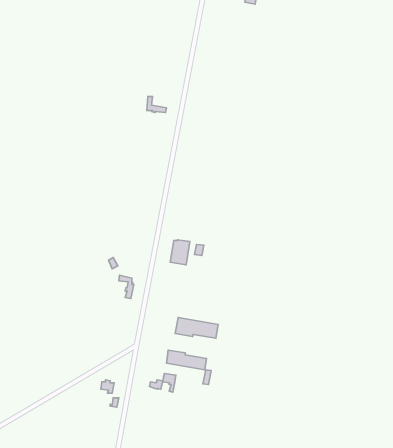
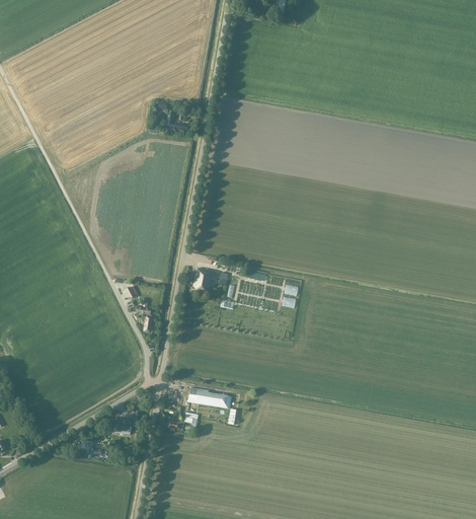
building: [175,318,218,338] -> none

